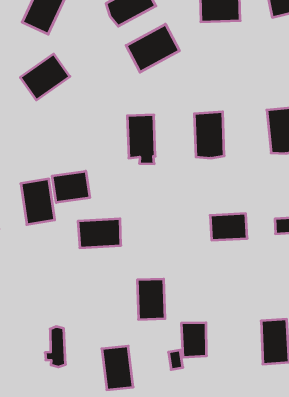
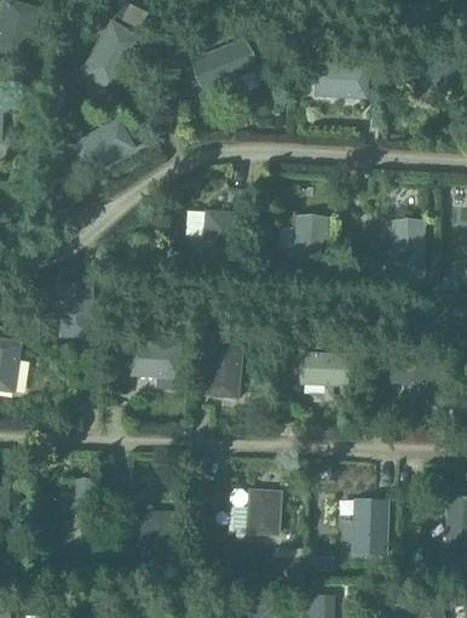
building: [126,24,179,72] -> none
building: [52,171,90,203] -> none
building: [137,279,165,319] -> [202,343,241,397]

